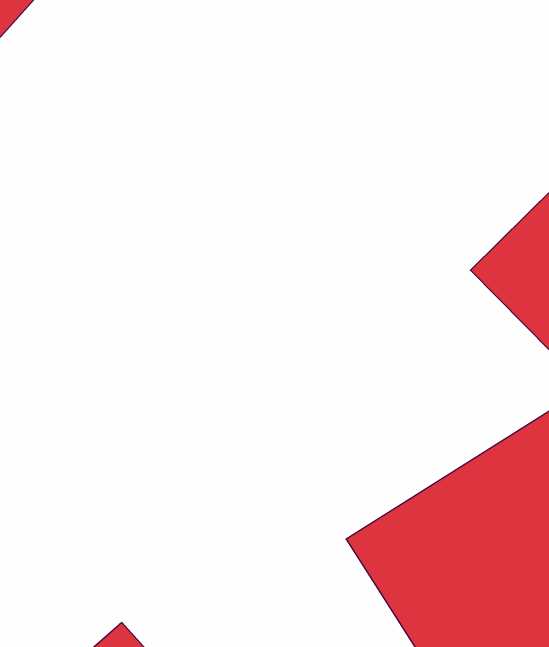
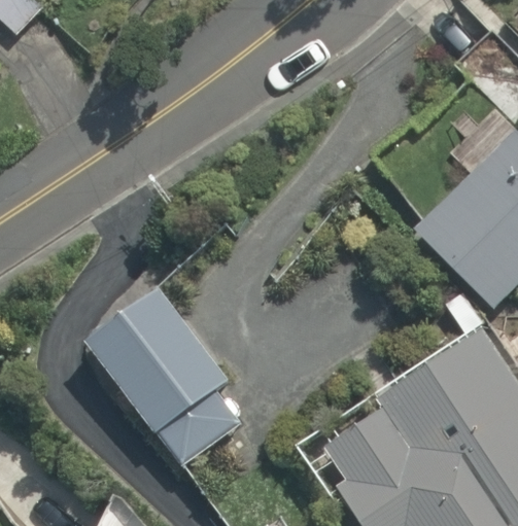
building: none -> [90,288,249,467]

